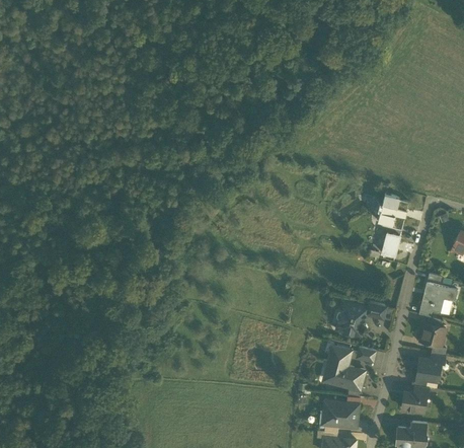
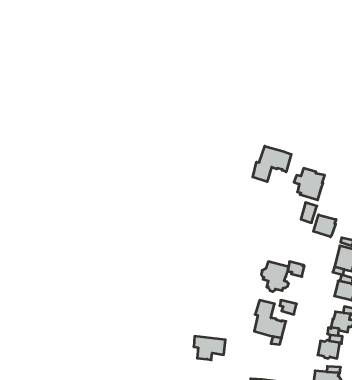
building: none -> [253,146,291,182]
building: none -> [313,215,336,237]
building: [322,399,359,427] -> [194,336,225,360]

